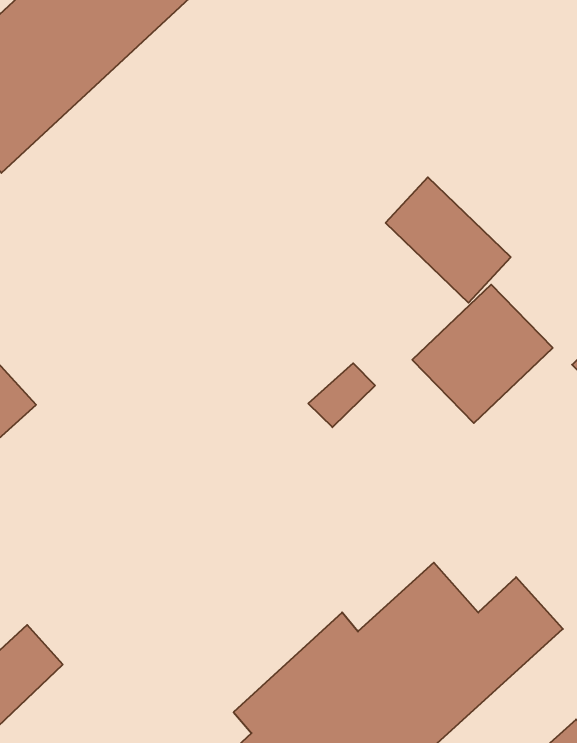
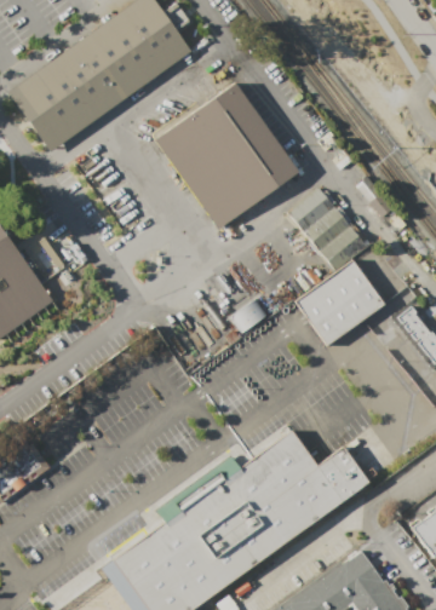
building: none -> [155,82,299,229]

